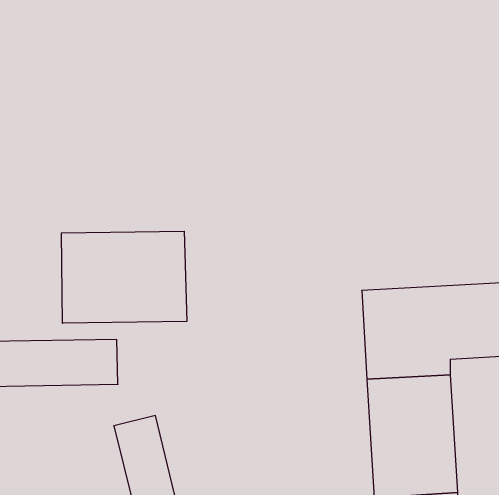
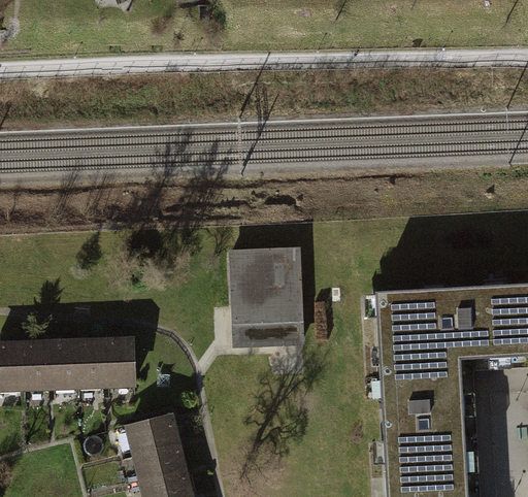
building: [61,231,187,323] -> none
building: none -> [236,252,306,347]

